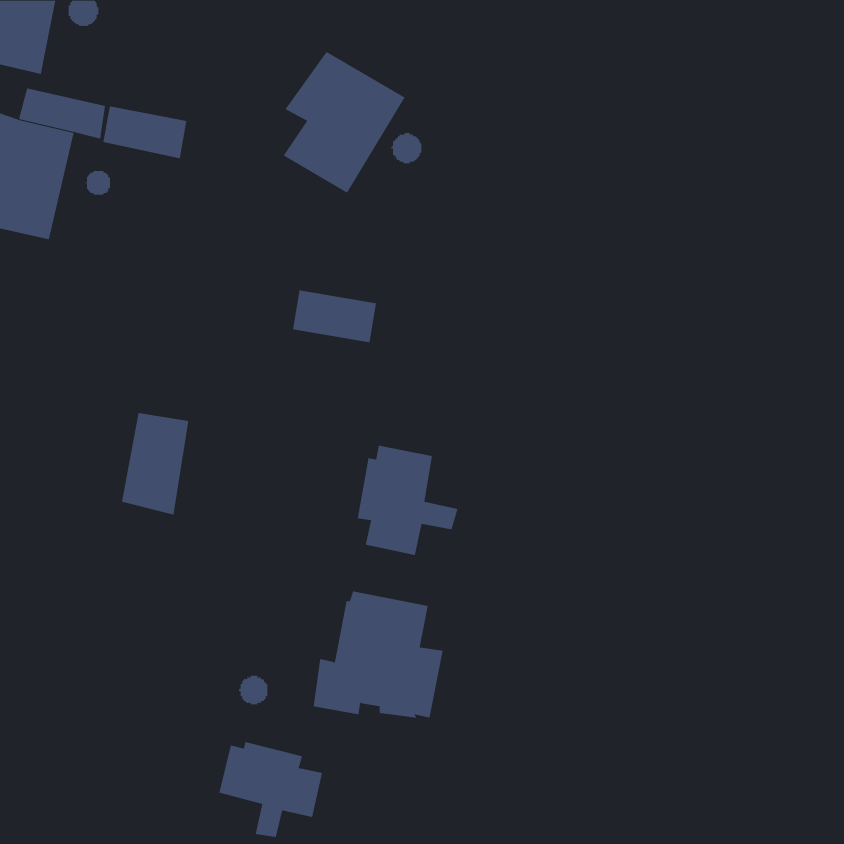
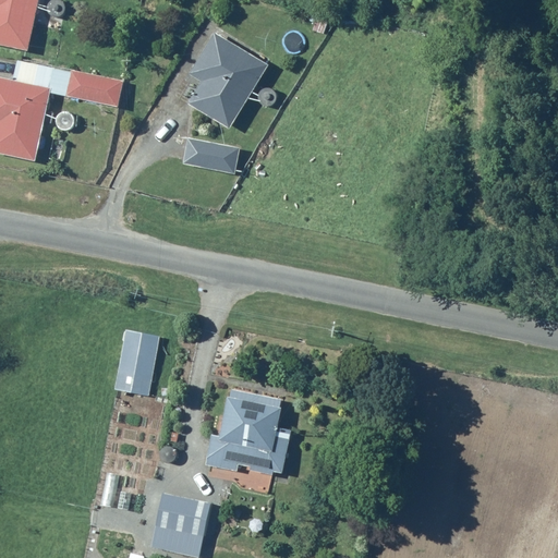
building: [292,290,377,343] -> [183,138,239,173]
building: [121,412,189,515] -> [114,331,159,399]
building: [357,445,458,556] -> none

